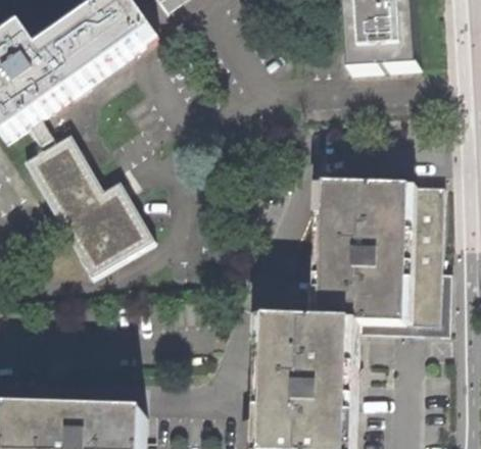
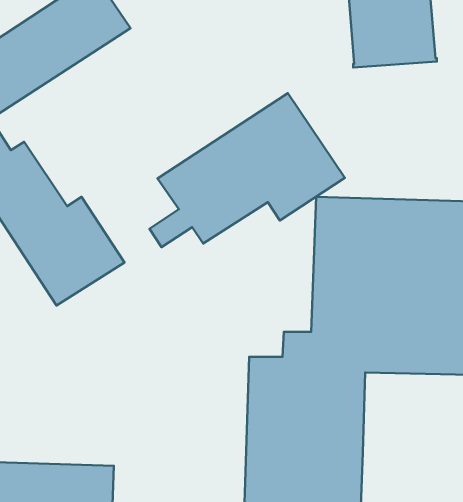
building: none -> [150,93,345,247]

